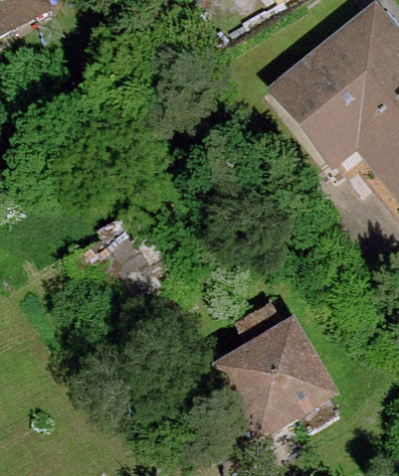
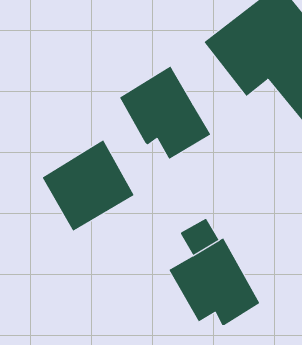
building: none -> [119,66,211,160]

